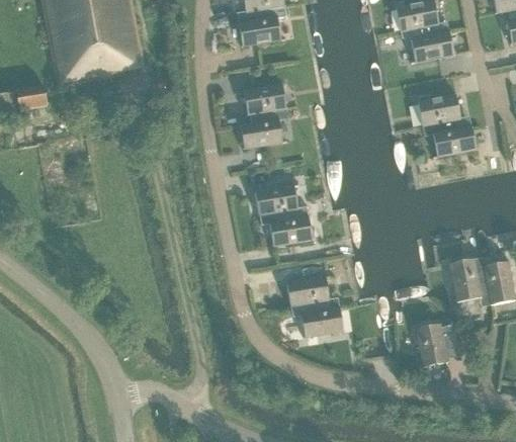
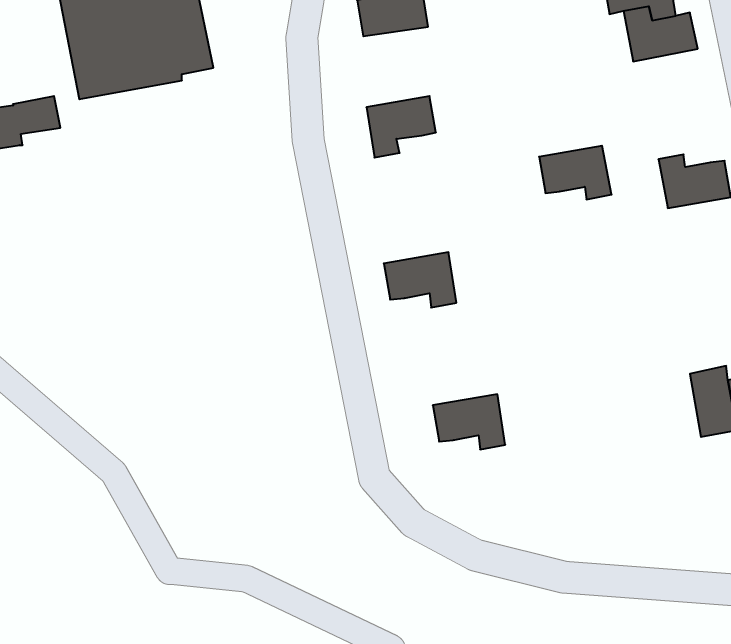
building: [416,95,462,129] -> [539,146,612,199]
building: [238,109,282,148] -> none
building: [266,210,313,246] -> none
building: [297,301,344,337] -> none
building: [415,324,459,366] -> none

